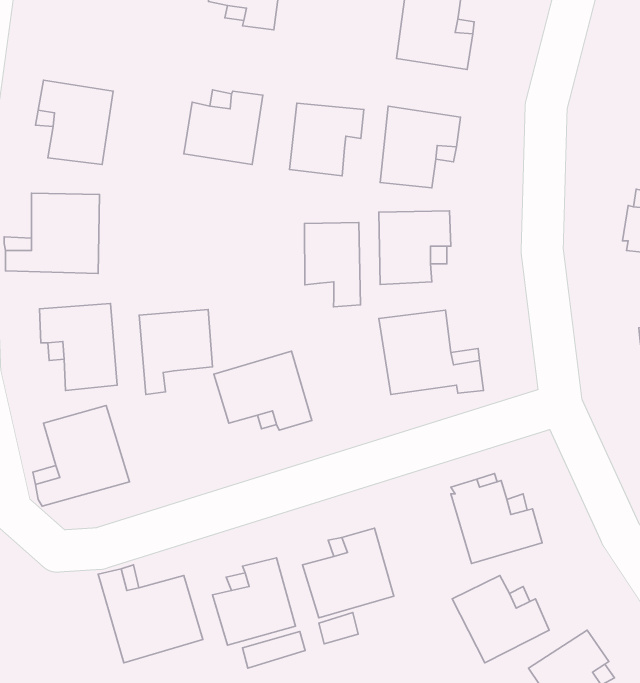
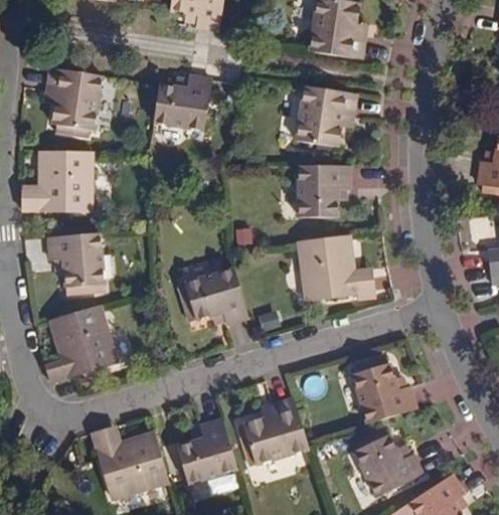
building: [290,103,364,176] -> none
building: [304,223,360,307] -> none
building: [139,310,213,394] -> none

